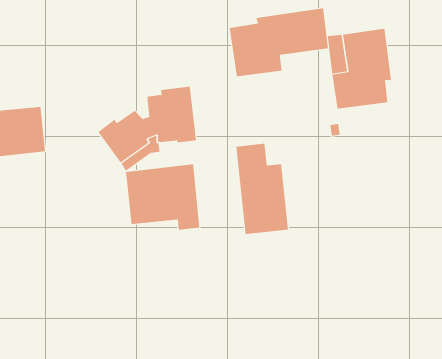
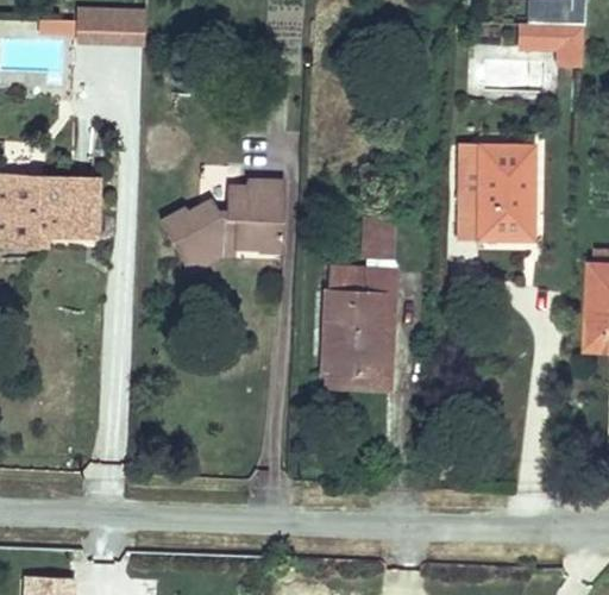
building: [229,7,328,77] -> none
building: none -> [321,217,397,390]
building: [126,164,200,230] -> none

